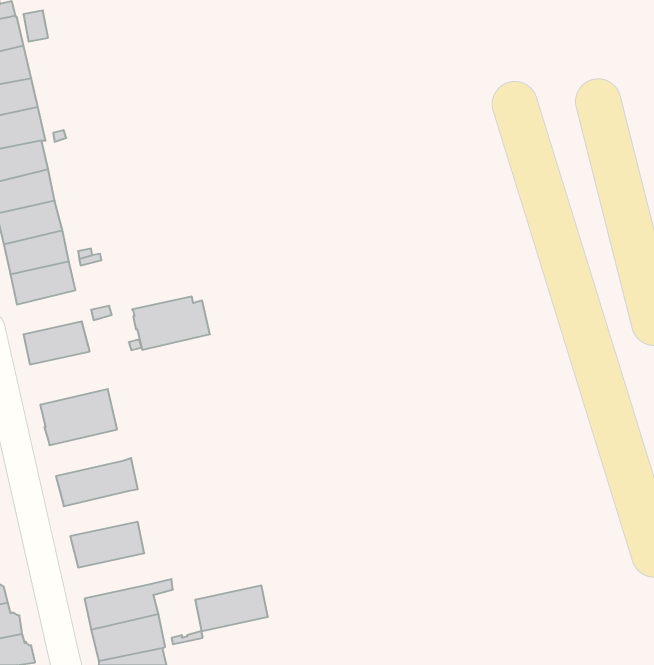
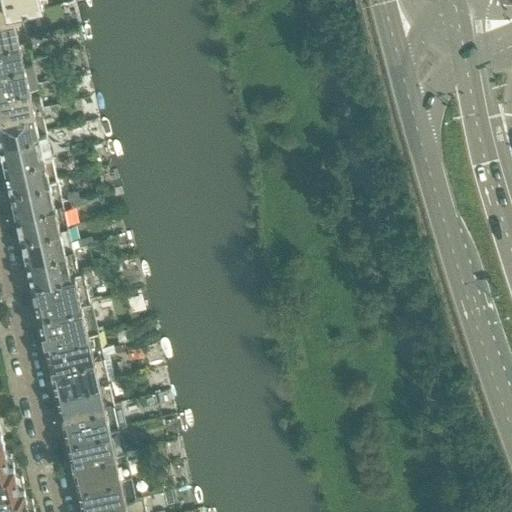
building: none -> [13,223,63,257]
building: [132,297,210,350] -> [23,270,83,311]
building: none -> [38,330,95,366]
building: none -> [49,377,106,412]
building: [195,586,268,631] -> [60,425,116,460]

